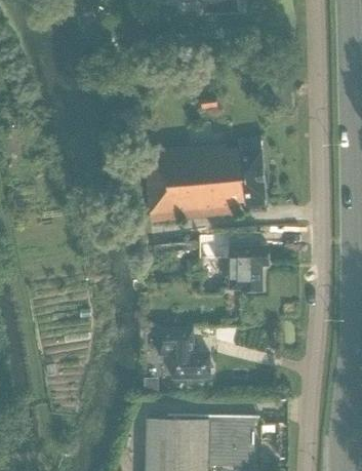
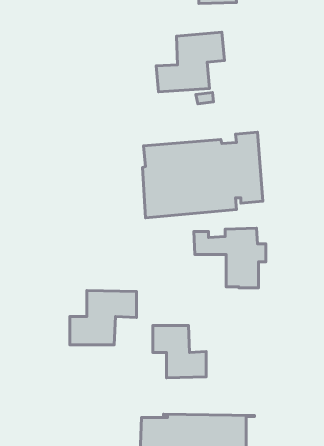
building: none -> [156,32,224,92]
building: none -> [70,290,136,345]

